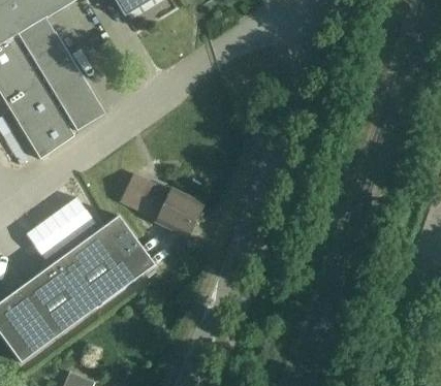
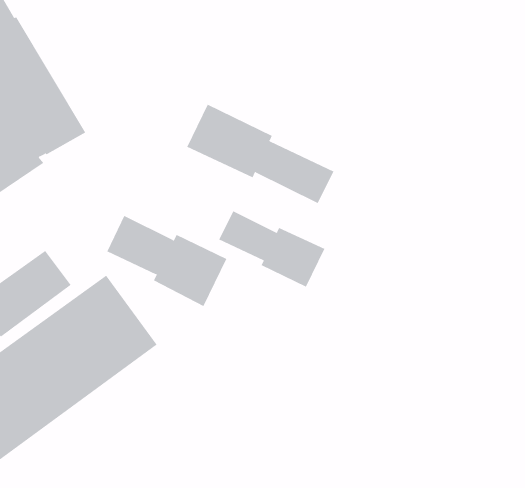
building: none -> [186,104,334,204]
building: none -> [219,210,325,288]

